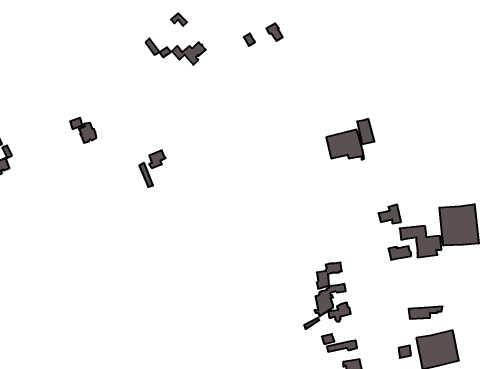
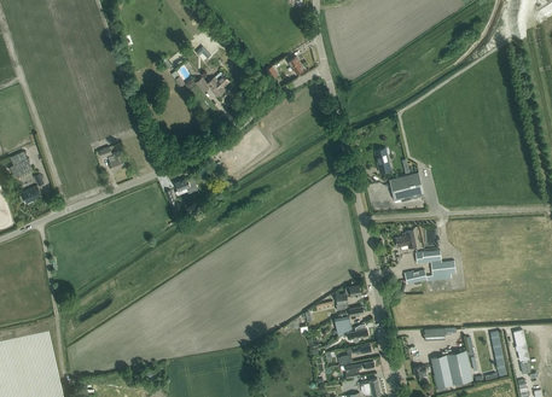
building: [326,130,364,160] -> [389,173,425,202]
building: [439,204,479,246] -> none

